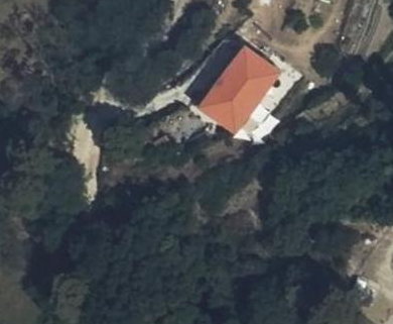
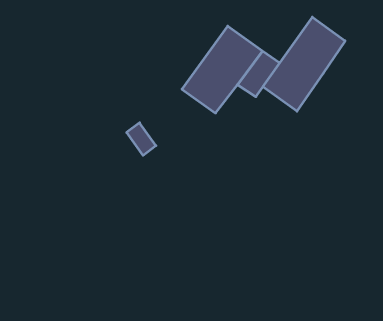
building: none -> [263,17,345,111]

